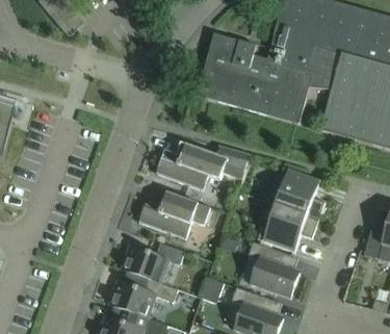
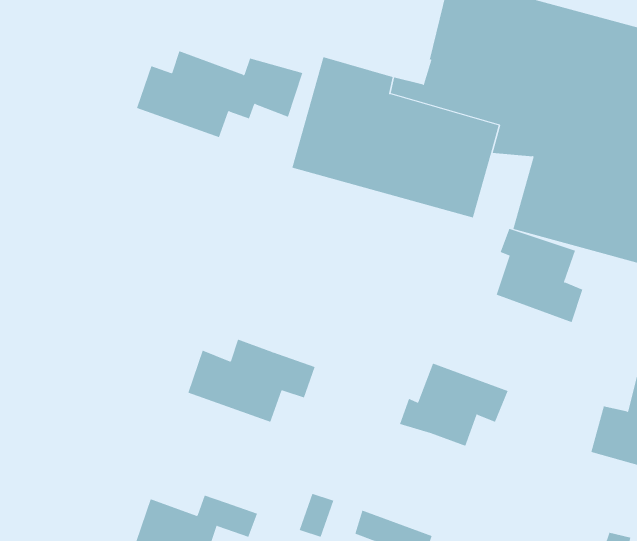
building: [155,140,249,189] -> [136,50,303,138]
building: [275,166,323,220] -> [496,228,583,323]
building: [248,240,298,297] -> none
building: [121,241,183,282] -> none

